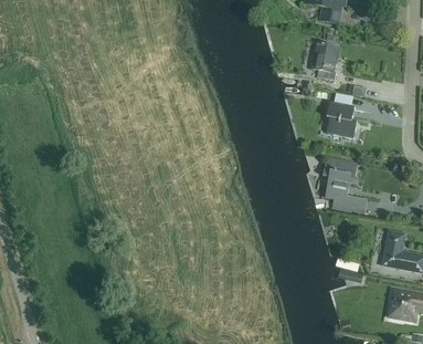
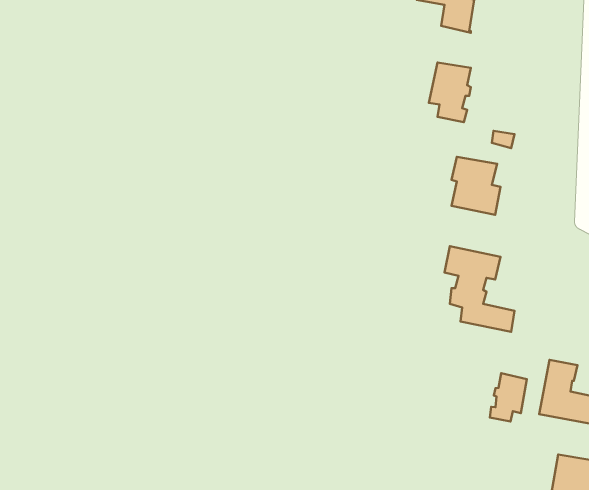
building: none -> [490,373,527,421]

